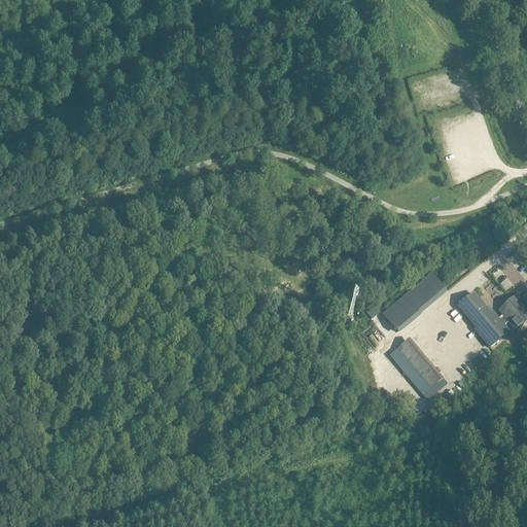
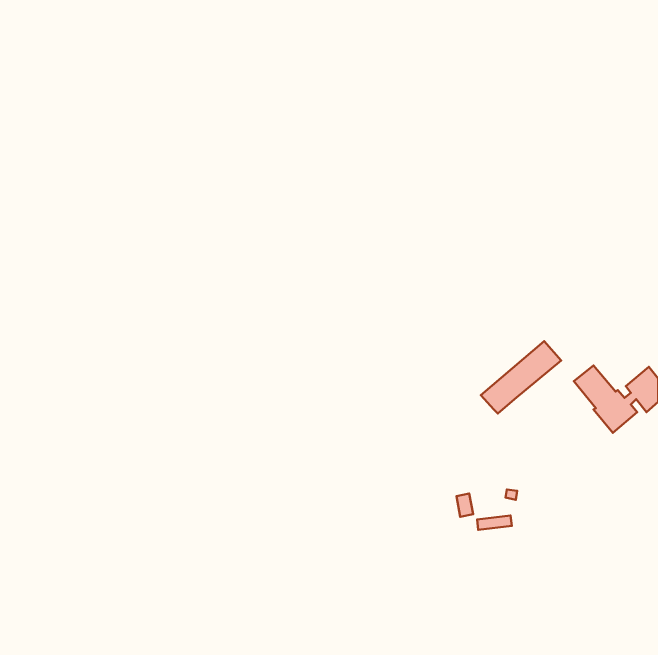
building: [388,333,444,392] -> none

